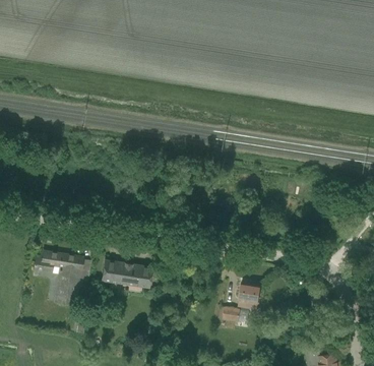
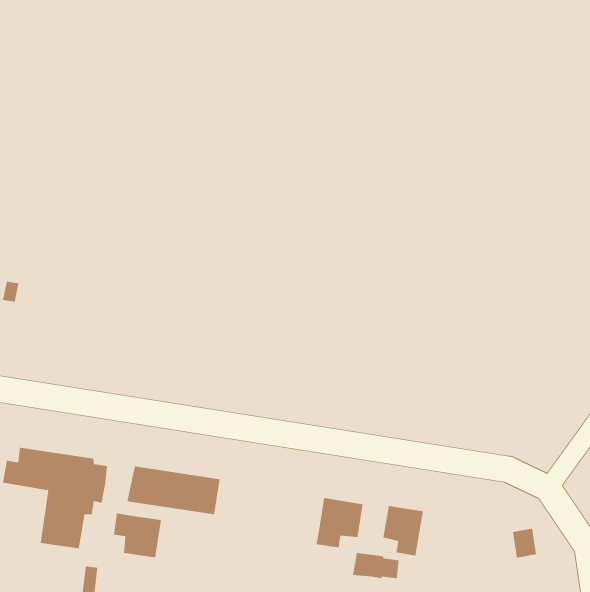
building: none -> [316,497,363,548]
building: none -> [114,513,162,558]

